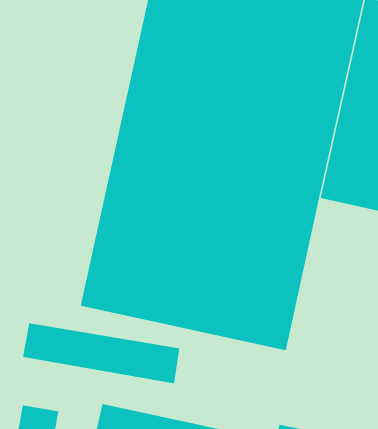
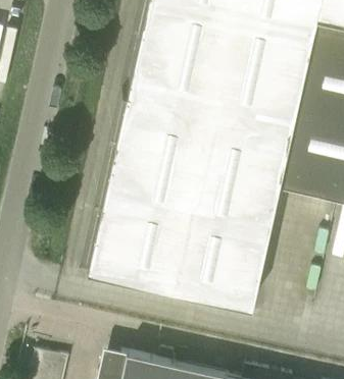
building: [23,323,180,384] -> none

